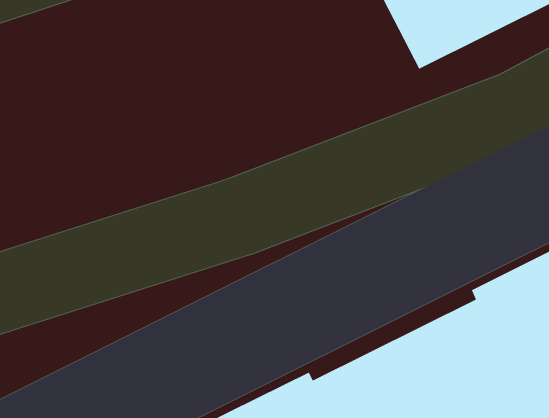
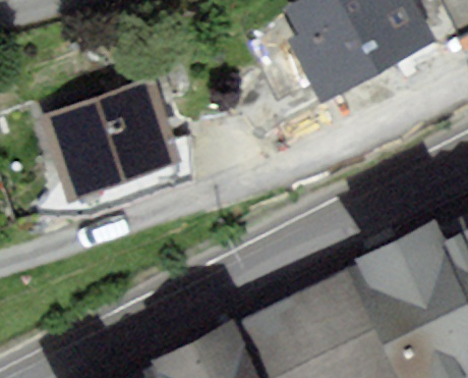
building: none -> [47,79,180,194]

